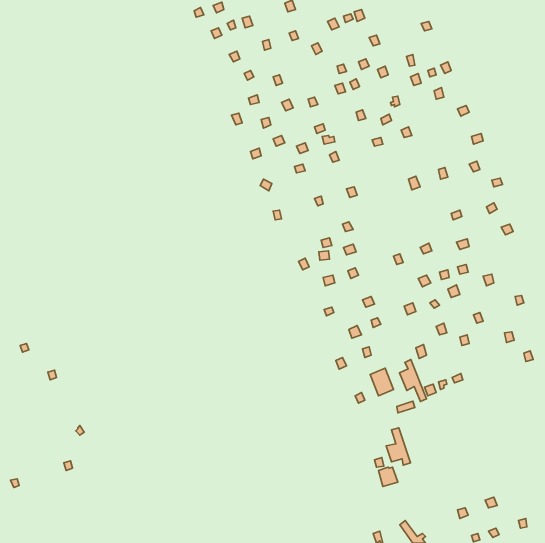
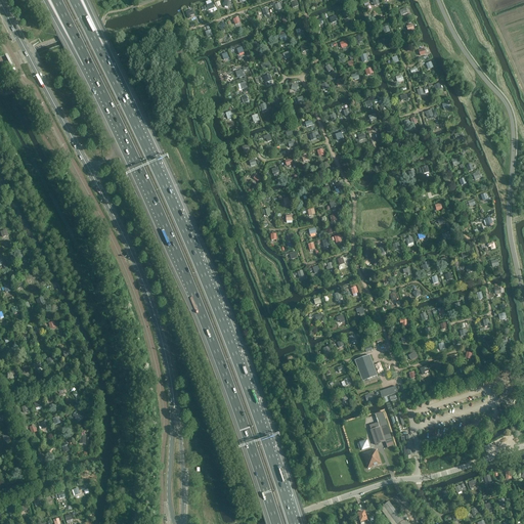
building: [400,360,426,402] -> none

